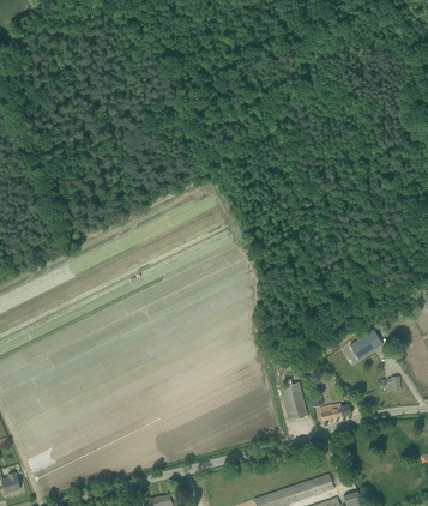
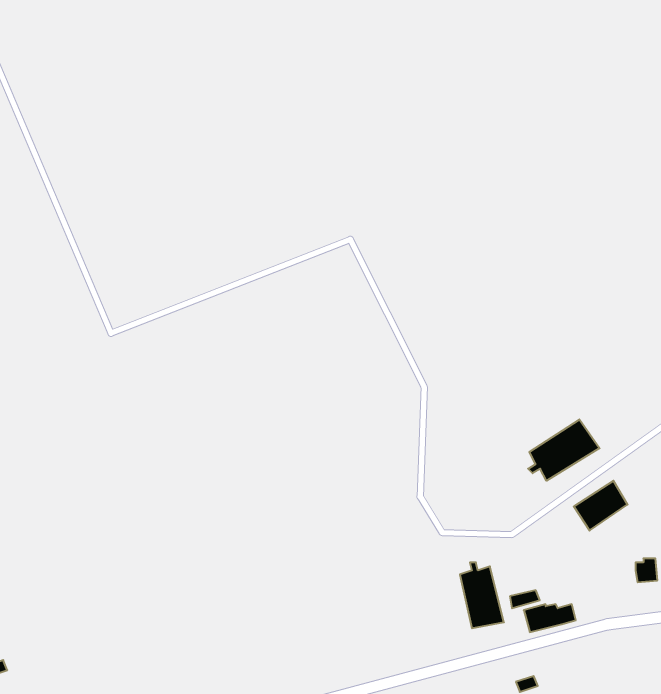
building: none -> [528,419,600,481]

